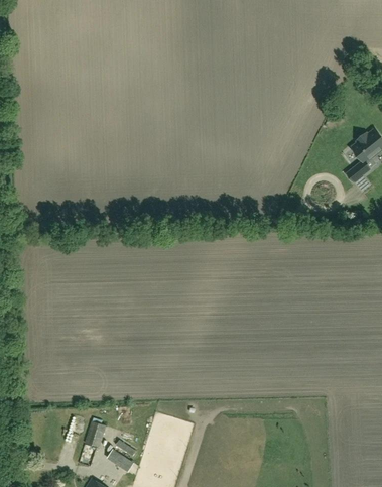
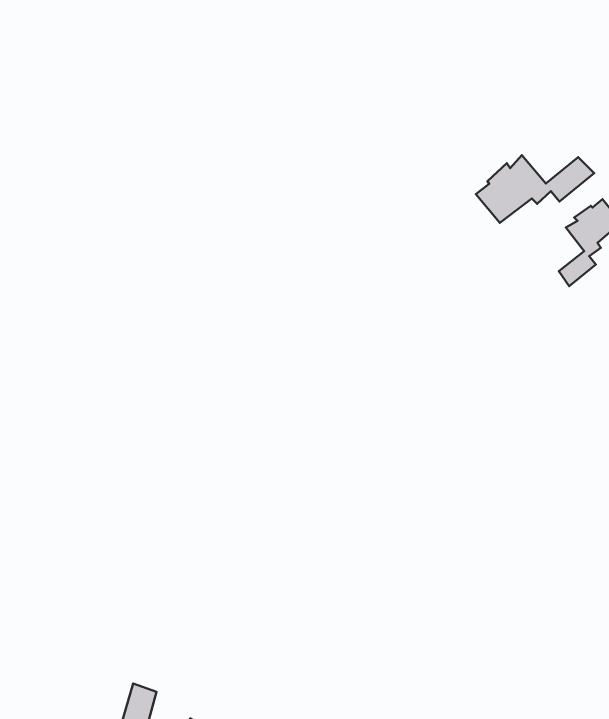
building: none -> [476,155,594,223]

